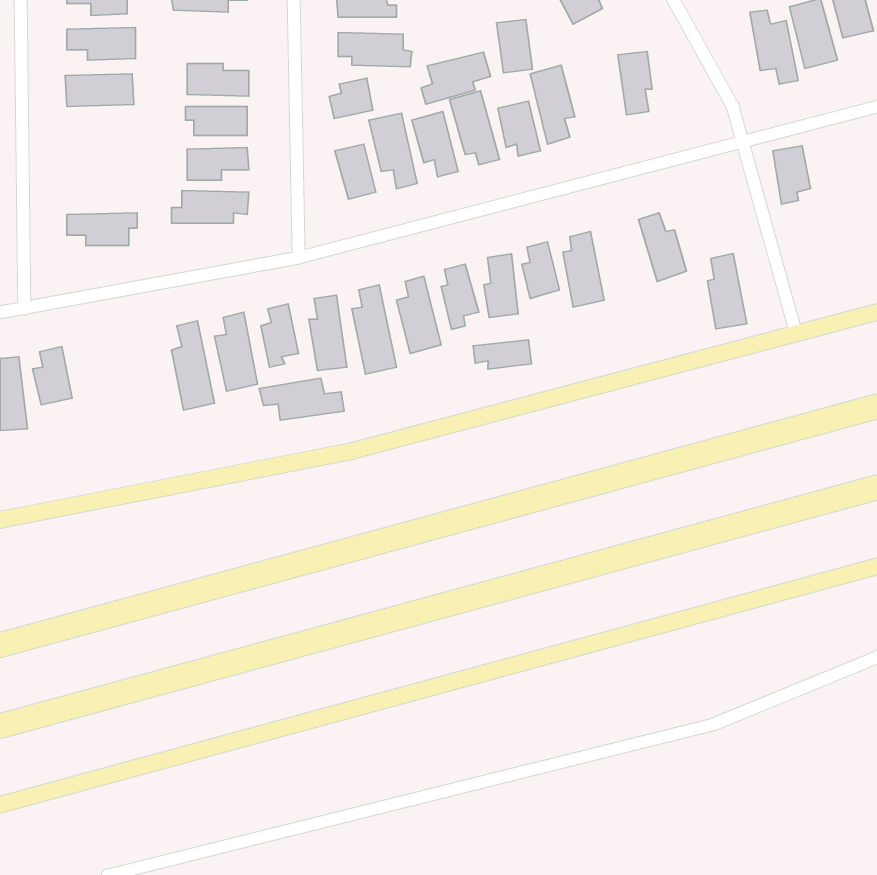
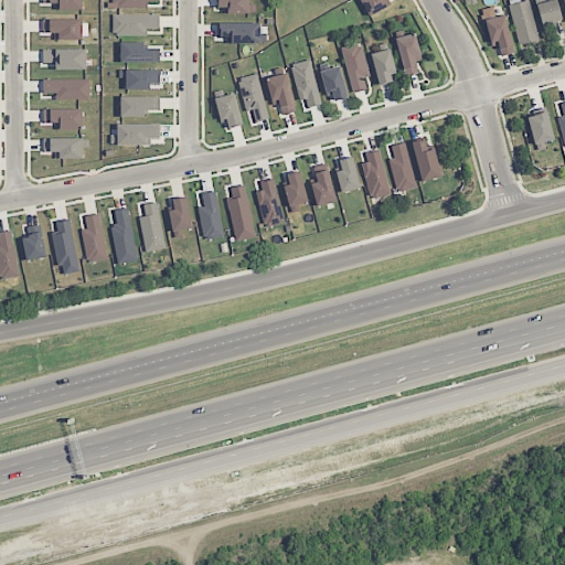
building: [496,20,533,73] -> [372,49,395,83]
building: none -> [113,13,159,34]
building: [421,52,490,104] -> none
building: [329,78,373,119] -> none
building: none -> [43,78,89,99]
building: [773,146,811,204] -> [529,111,553,149]
building: none -> [43,108,83,129]
building: [707,253,747,329] -> [390,141,415,190]
building: none -> [81,213,107,262]
building: [473,340,531,369] -> none
building: none -> [52,220,78,273]
building: [259,378,344,420] -> none

